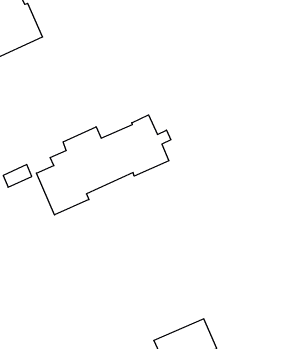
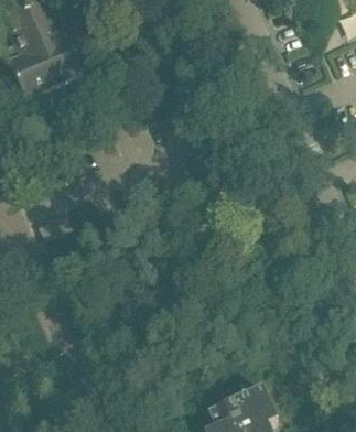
building: [36,115,171,215] -> none

